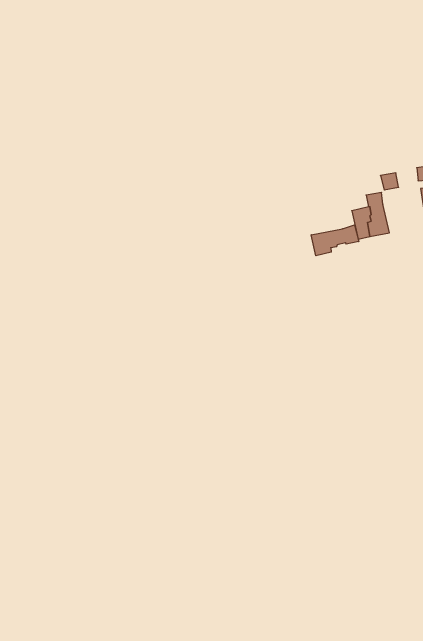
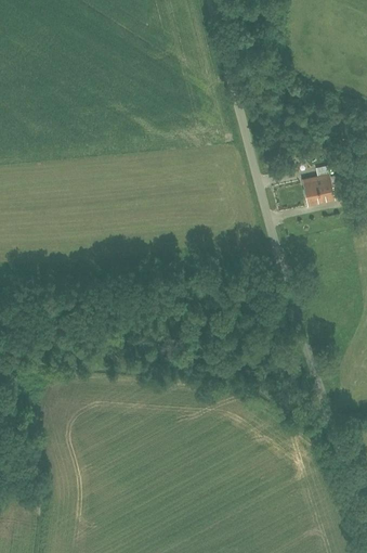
building: [311,225,359,256] -> none

